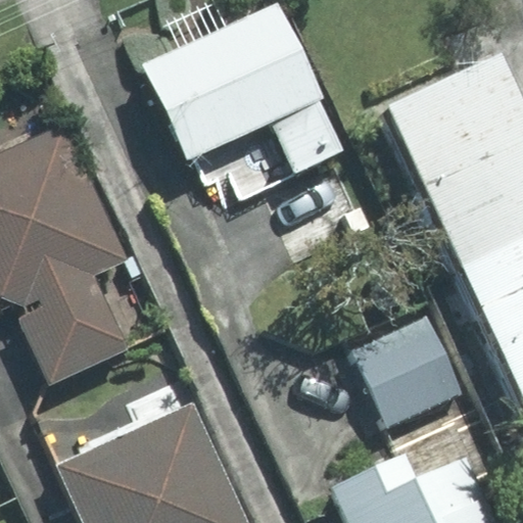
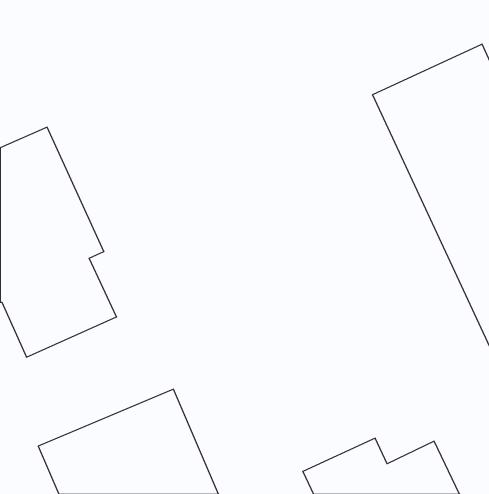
building: [133,12,331,181] -> none
building: [352,323,459,430] -> none

